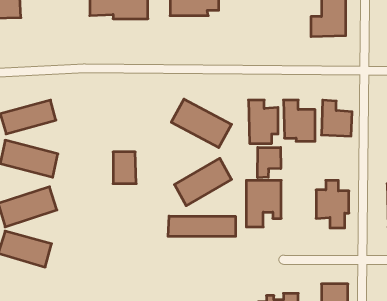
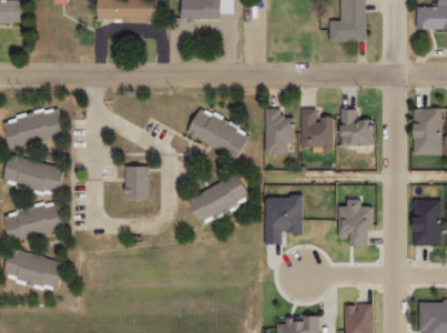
building: [258,147,281,178] -> none
building: [168,216,236,236] -> none

